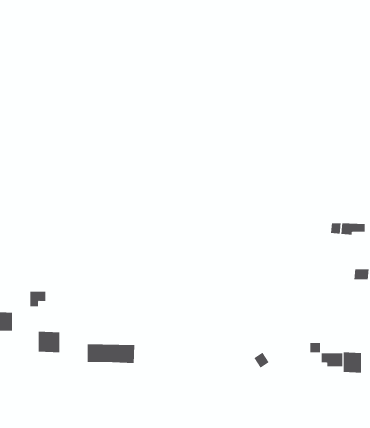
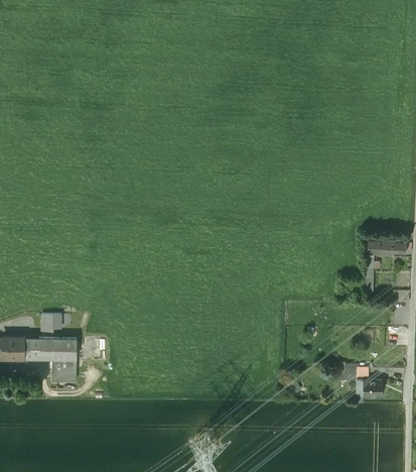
building: [87,344,135,364] -> [25,338,78,359]
building: [343,352,362,373] -> none

